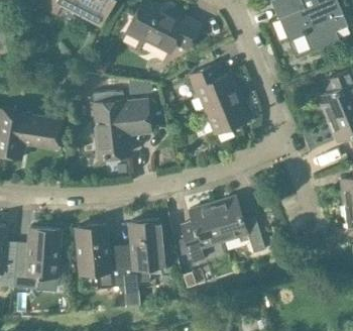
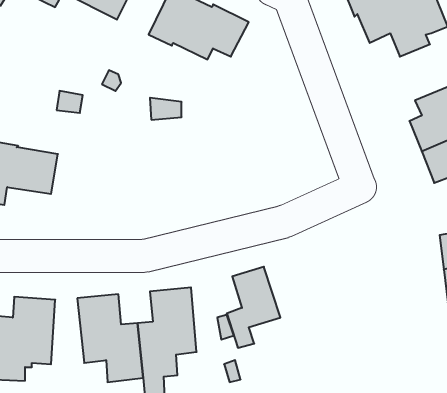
building: [192,66,249,133] -> none
building: [85,93,148,158] -> none
building: [212,197,264,253] -> none

